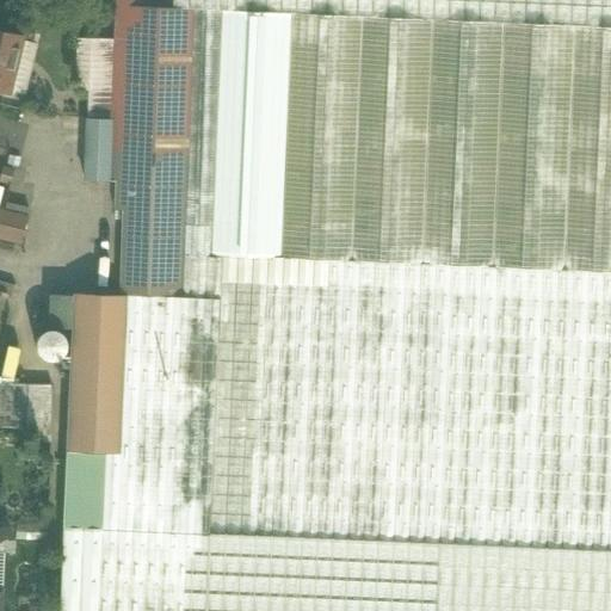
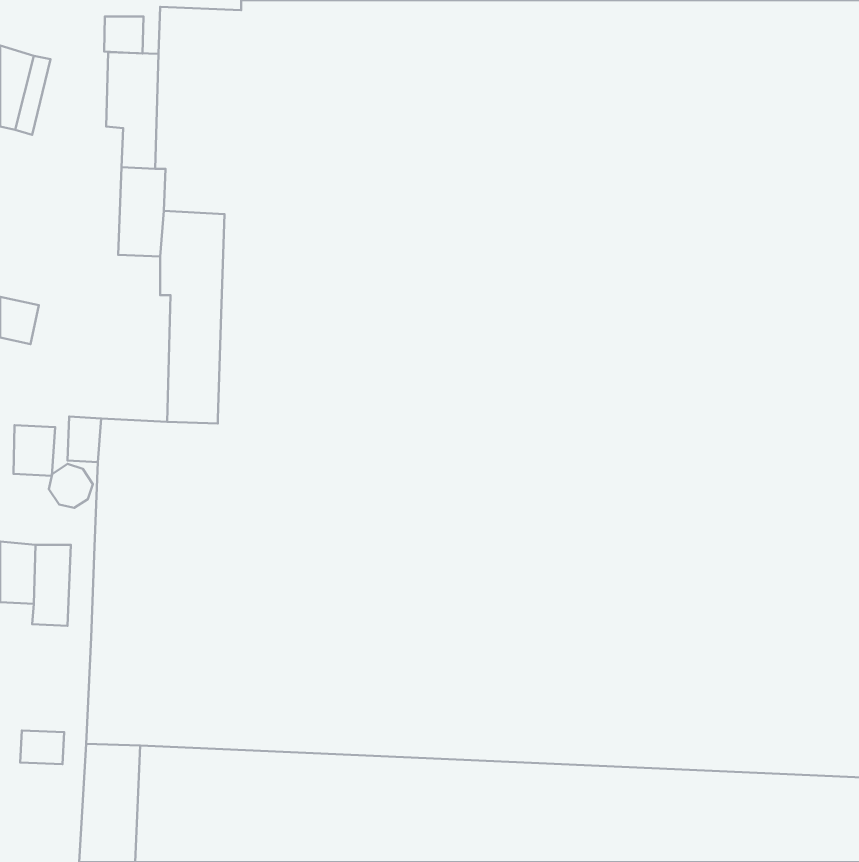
building: none -> [104,17,144,53]
building: none -> [13,425,55,476]

